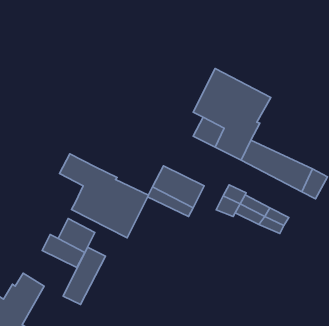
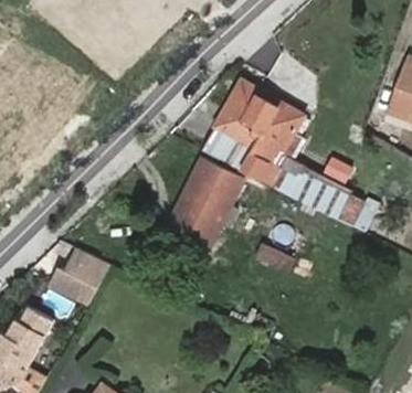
building: none -> [183,158,244,212]
building: [60,154,148,238] -> none
building: [63,247,105,305] -> none

